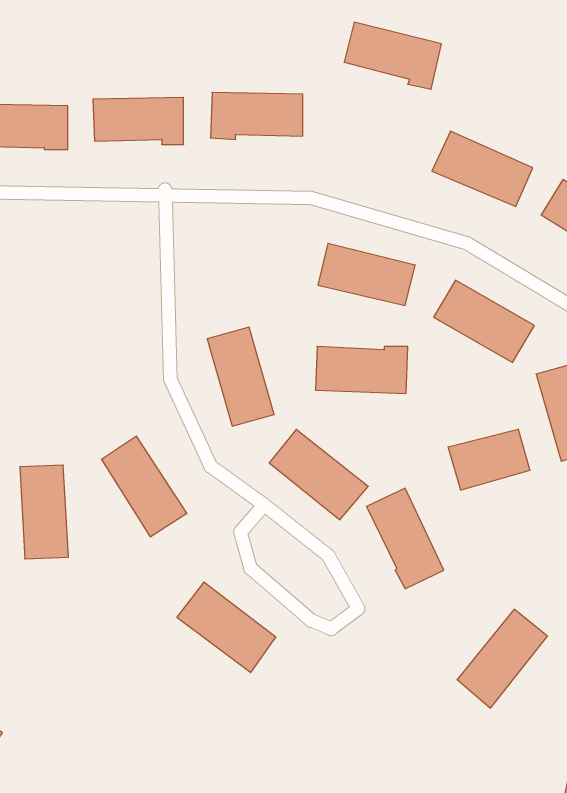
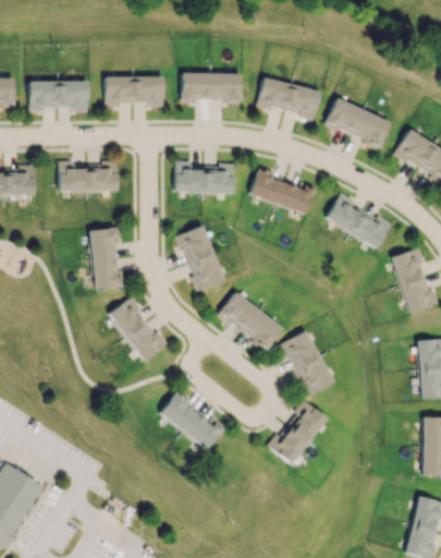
building: [344,22,441,89] -> [257,77,320,121]
building: none -> [59,160,118,192]
building: [315,347,408,393] -> [174,163,234,194]
building: [448,429,530,490] -> none
building: [20,465,68,559] -> [90,228,122,289]
building: [457,609,548,708] -> [269,401,328,465]

